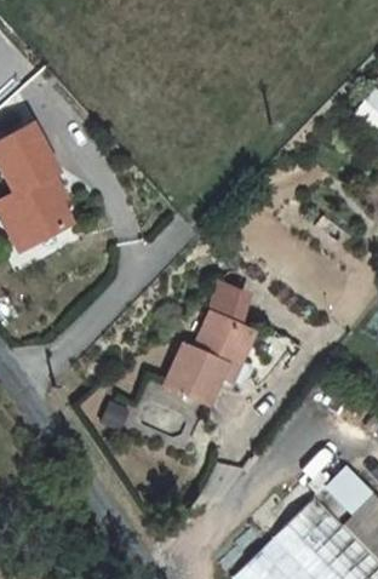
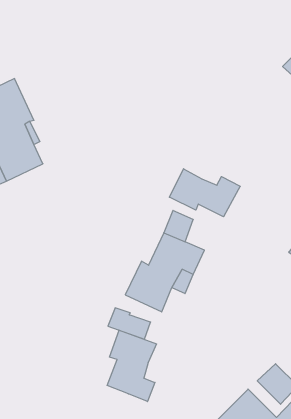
building: none -> [169,169,240,217]
building: none -> [107,330,156,402]

